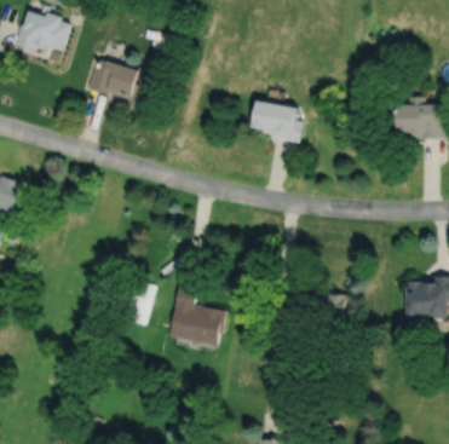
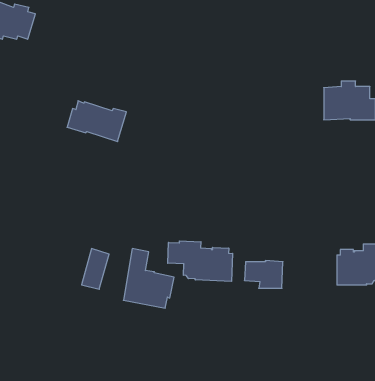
building: [86,59,151,104] -> [67,101,126,142]
building: [252,100,303,143] -> none
building: none -> [168,241,233,281]

